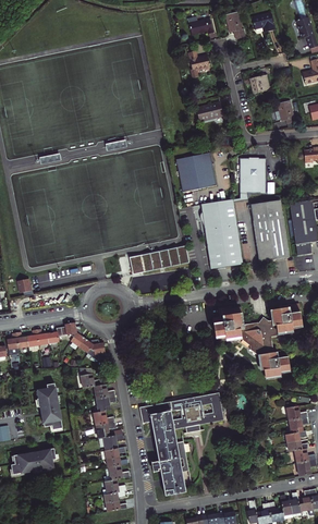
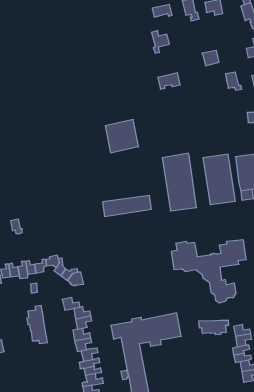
building: [176,151,217,192] -> [105,120,139,153]
building: [233,158,267,202] -> none
building: none -> [199,320,228,335]
building: [12,448,57,473] -> none

